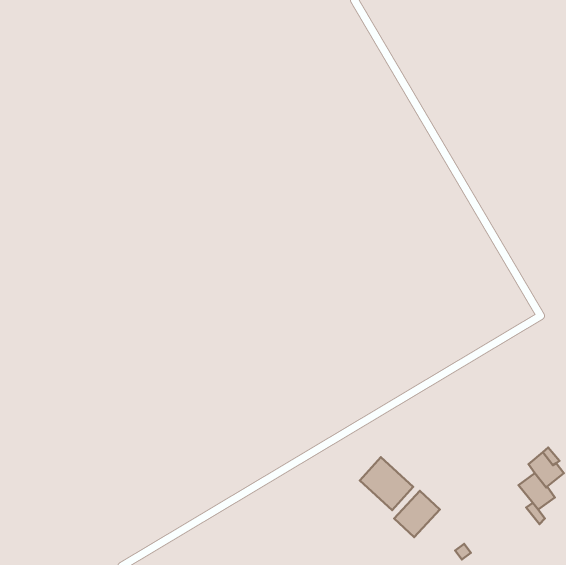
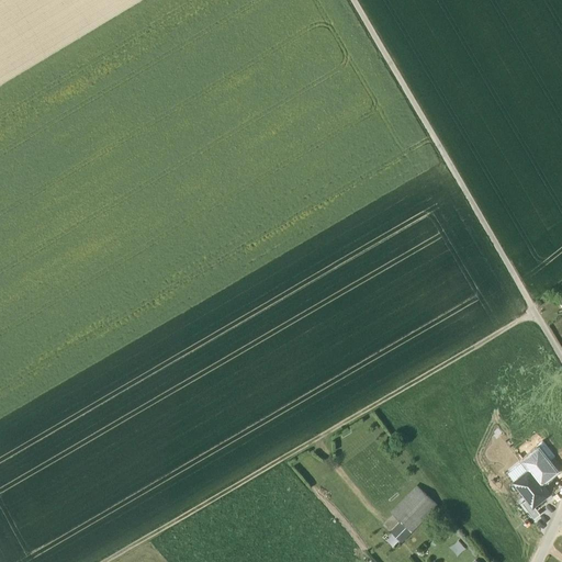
building: [360,457,413,510] -> none

